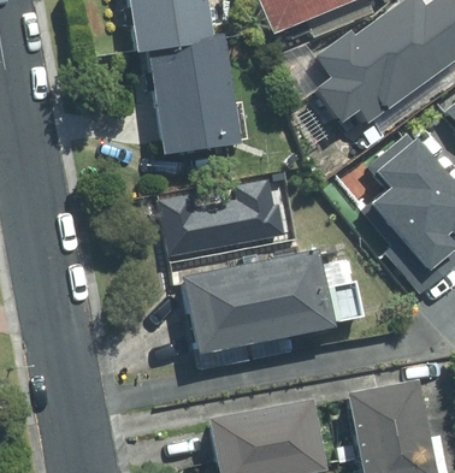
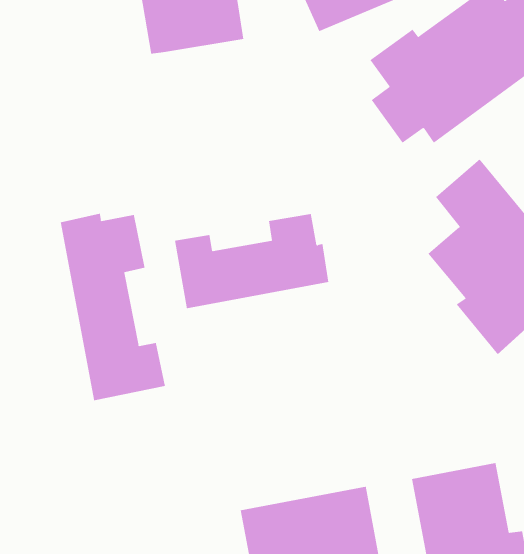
building: [149,37,246,155] -> none
building: none -> [60,213,165,401]
building: [184,250,362,354] -> none

